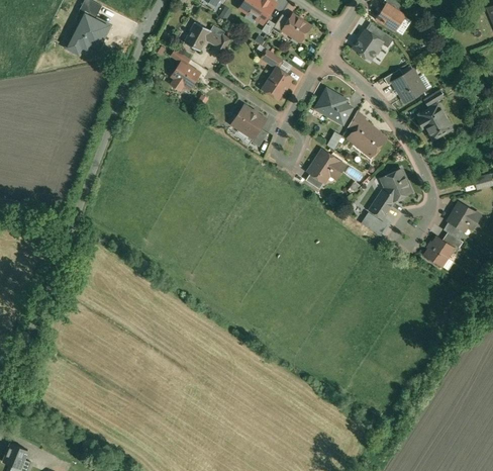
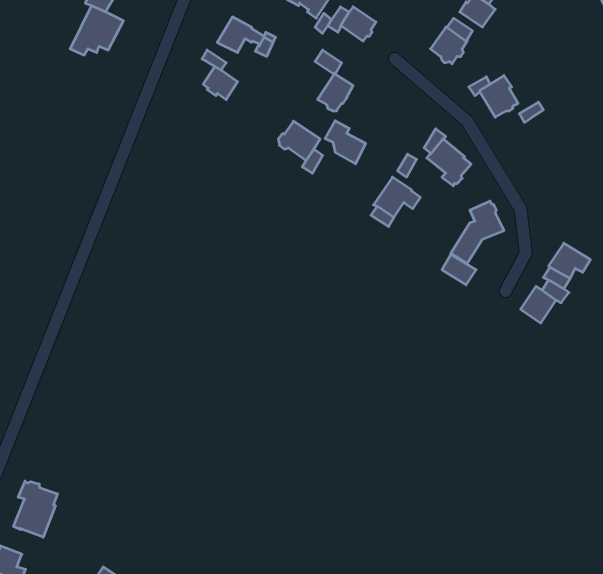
building: [318,89,351,123] -> [325,121,366,164]
building: [417,103,449,139] -> none
building: none -> [14,481,58,537]

